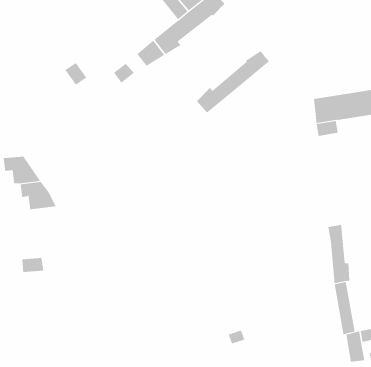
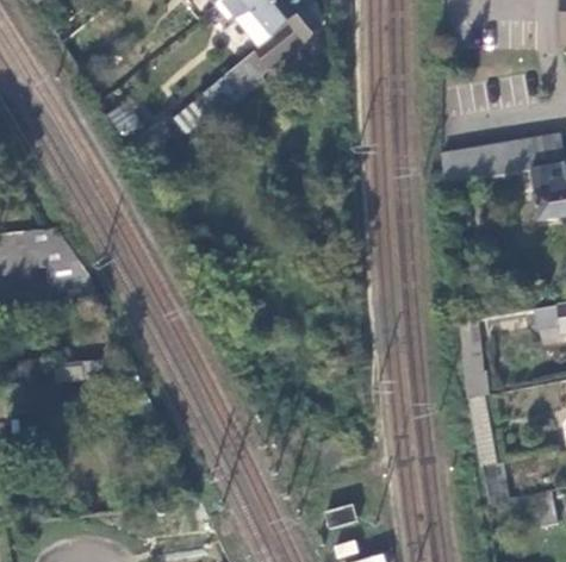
building: [196,50,270,113] -> none

